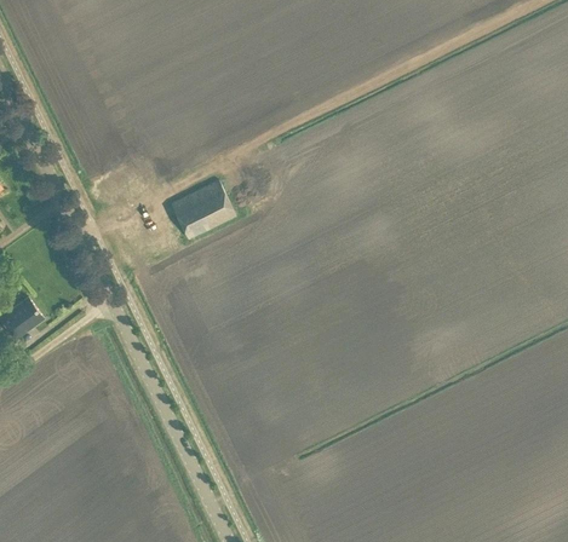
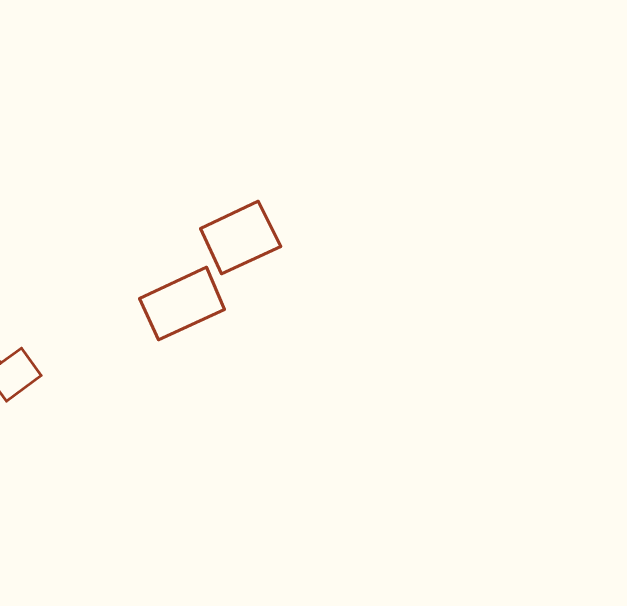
building: none -> [139,267,224,340]

